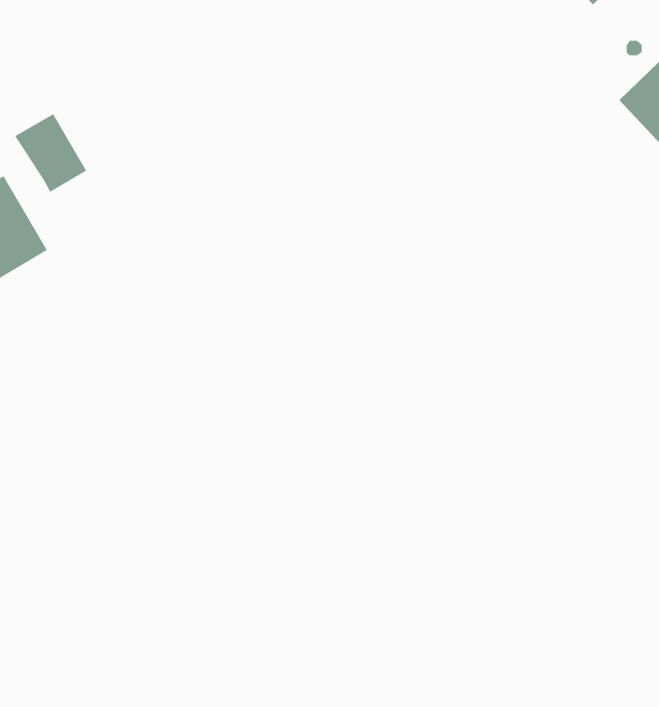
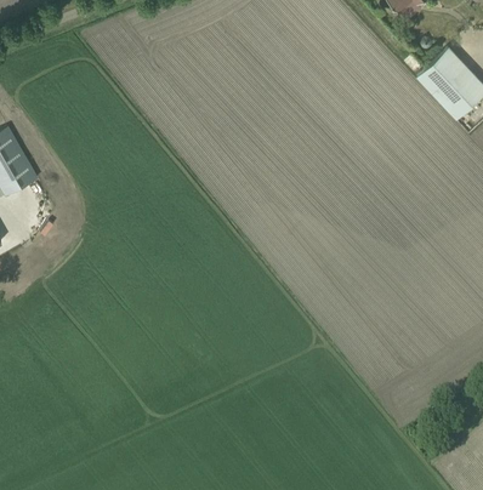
building: [14,113,87,193] -> none

